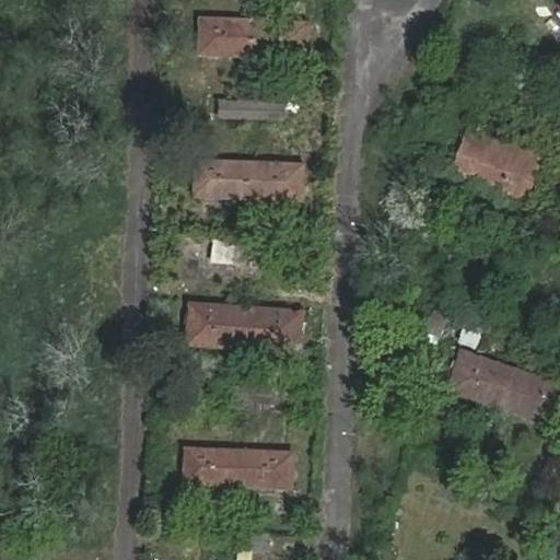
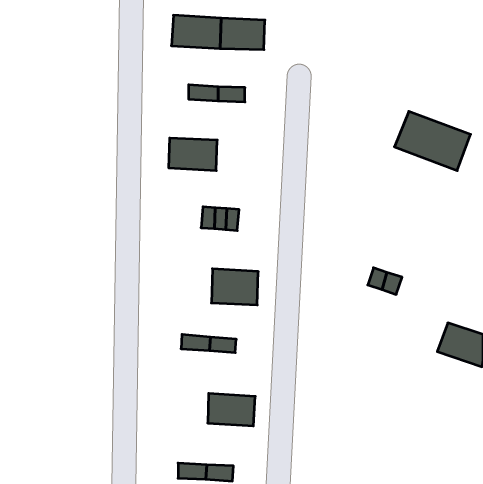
building: [248,161,301,198] -> none
building: [189,305,244,348] -> none
building: [448,351,514,404] -> none
building: [184,450,240,486] -> none

